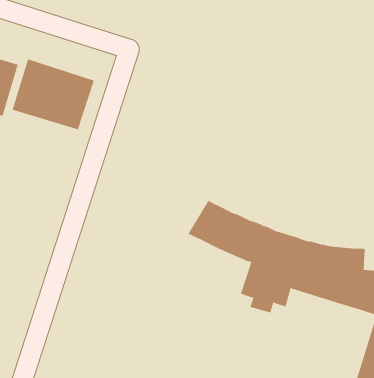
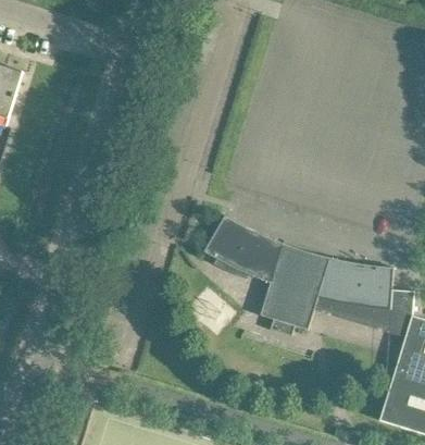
building: [12,58,95,130] -> none

